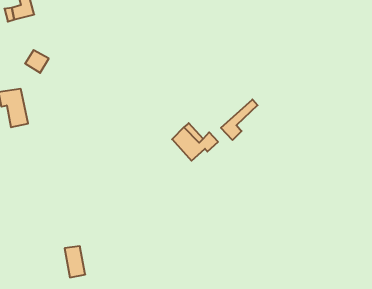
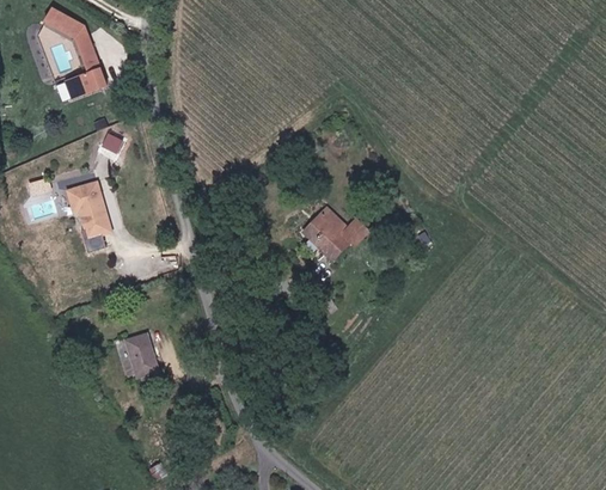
building: [221,99,258,140] -> none
building: [65,246,85,277] -> [124,333,155,376]

